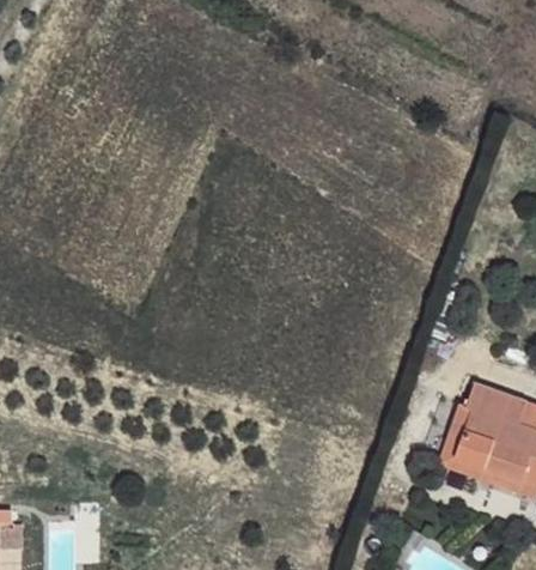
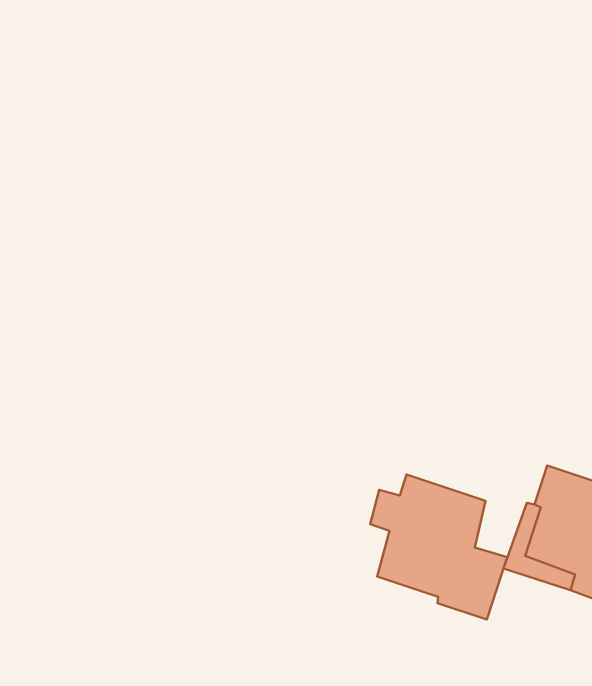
building: none -> [370,475,507,620]

